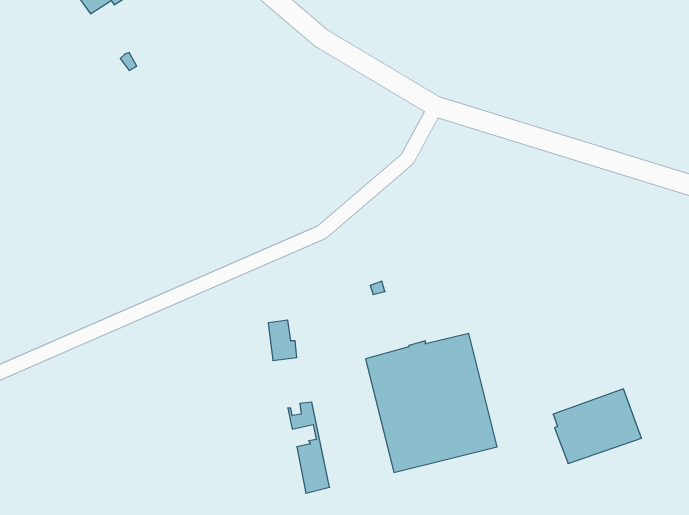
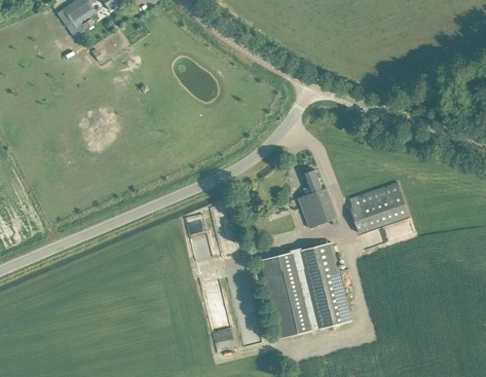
building: none -> [297,169,338,228]
building: [553,389,641,464] -> [348,182,409,233]

